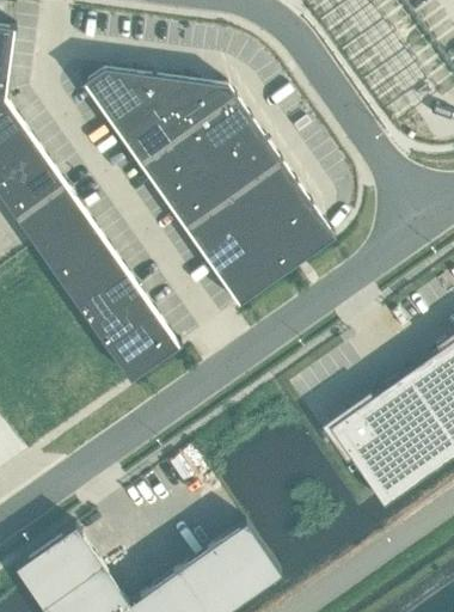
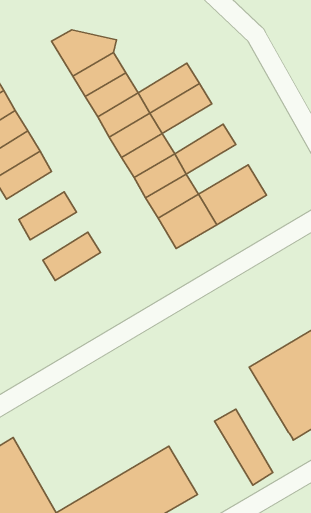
building: [152,75,234,133] -> none
building: [213,139,280,197] -> none
building: [243,182,311,240] -> none
building: [45,227,109,283] -> none
building: [75,270,139,326] -> none
building: [106,313,178,380] -> none
building: none -> [215,409,273,485]

